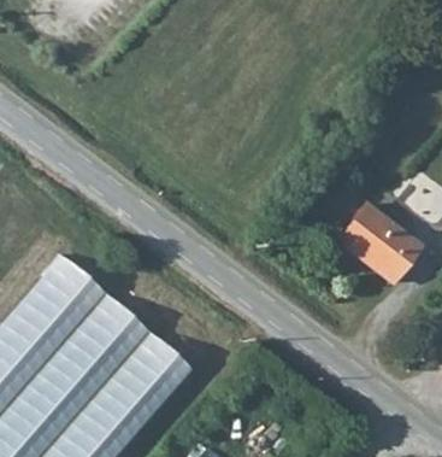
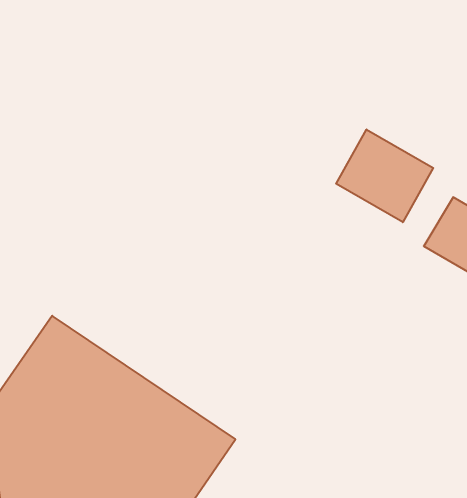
building: none -> [336,129,433,222]

